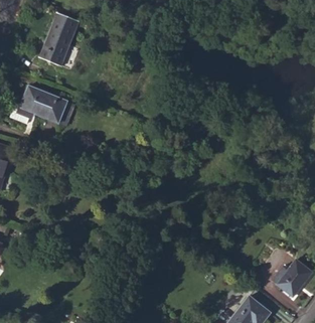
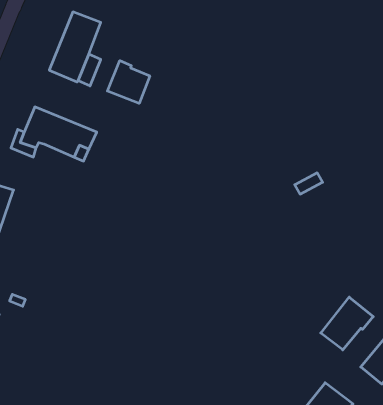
building: none -> [107,61,150,103]
building: none -> [321,297,373,350]

